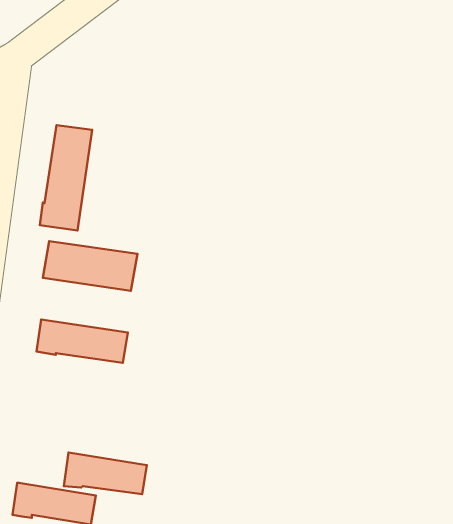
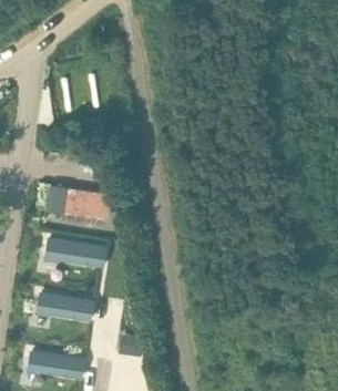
building: [40,125,92,230] -> none
building: [64,452,147,494] -> [35,292,93,321]

